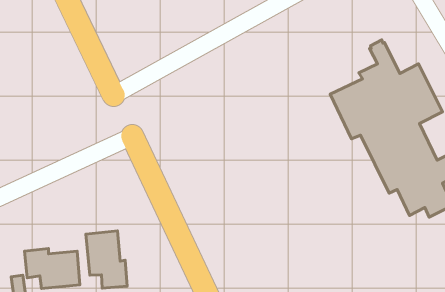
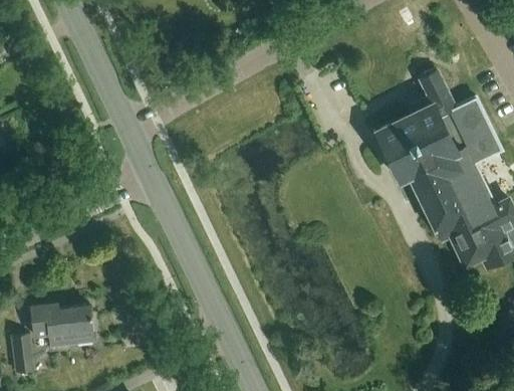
building: [86,231,127,288] -> none

